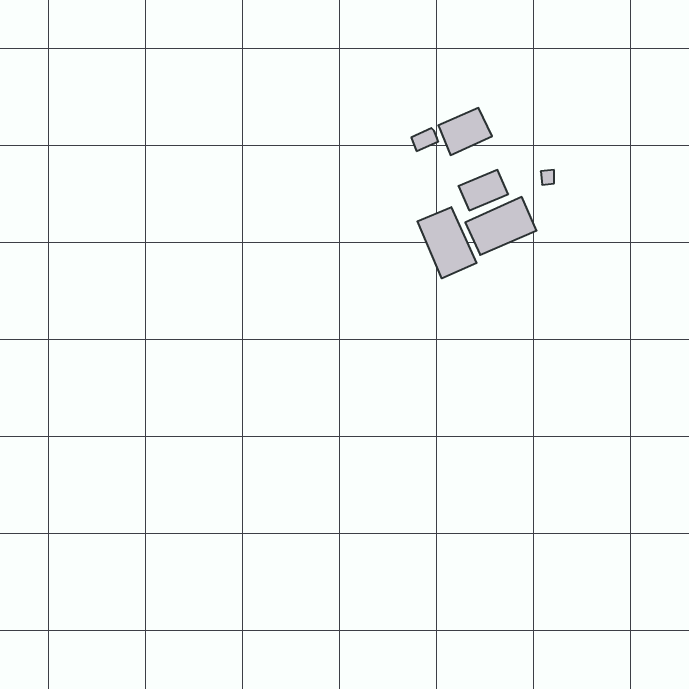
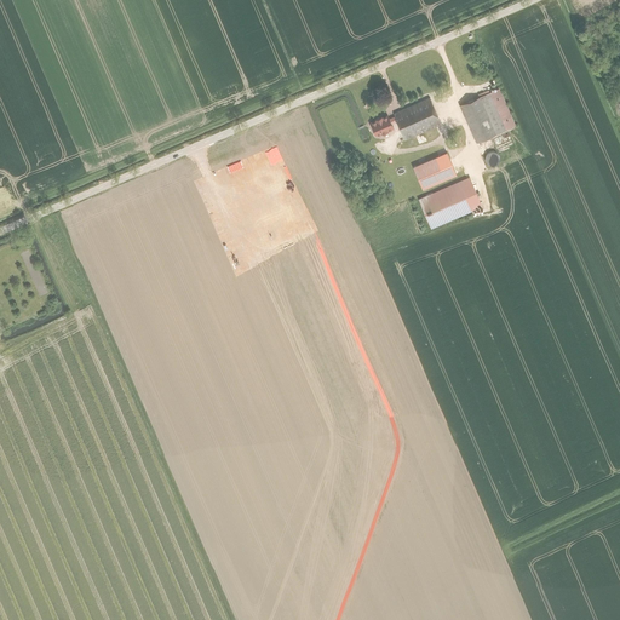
building: none -> [460,88,515,142]
building: [417,207,477,278] -> none

